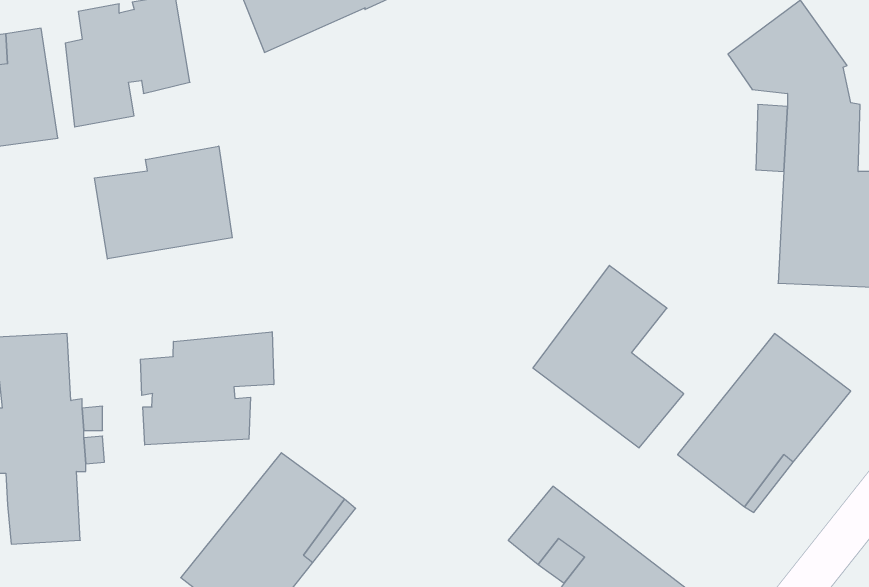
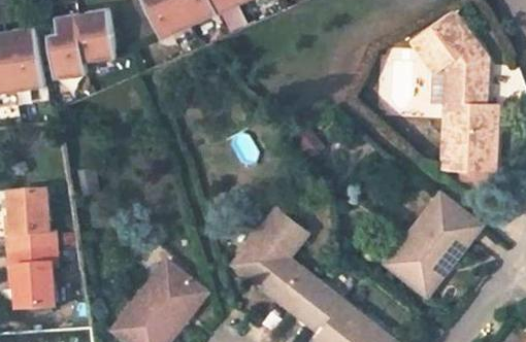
building: [95,146,232,259] -> none
building: [533,265,684,448] -> [233,209,317,310]
building: [140,332,274,445] -> none

